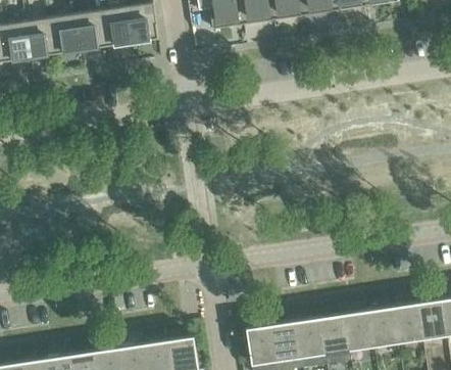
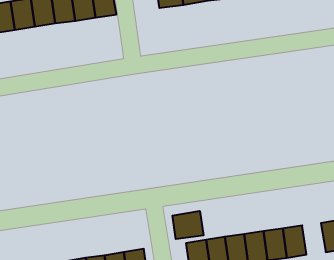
building: none -> [172,211,203,239]
building: [393,302,422,341] -> none

